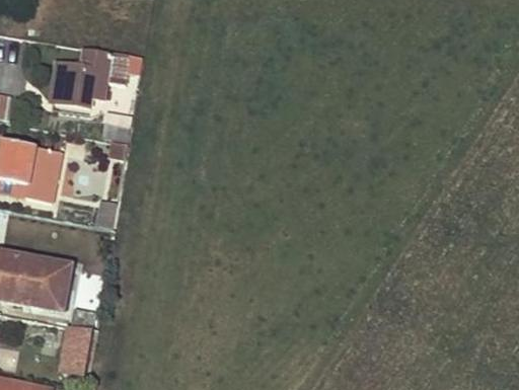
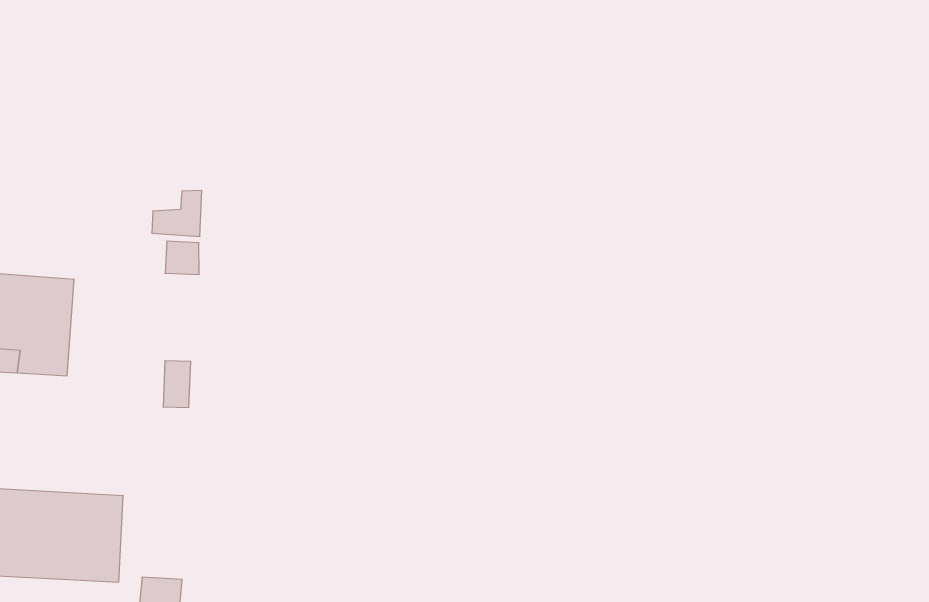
building: [50,50,128,106] -> none

